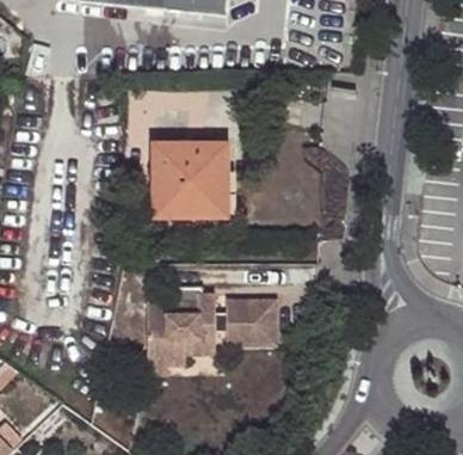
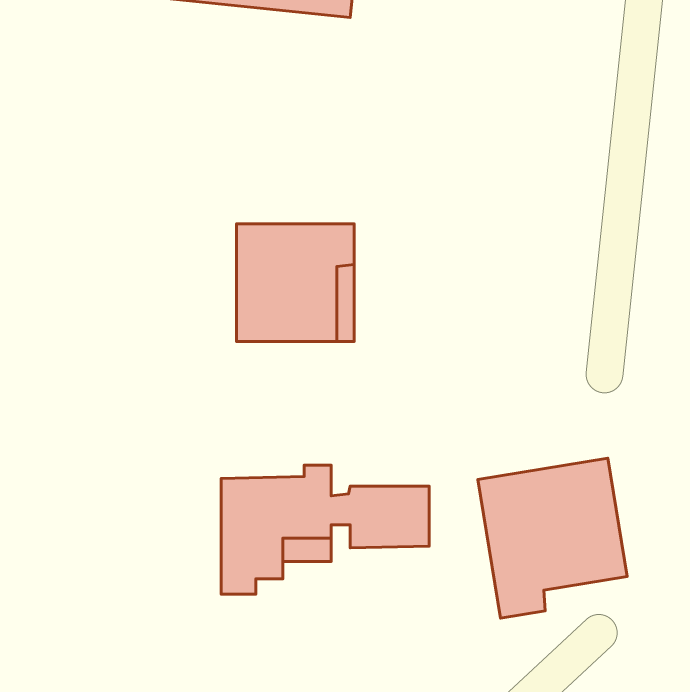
building: none -> [478,458,627,618]

